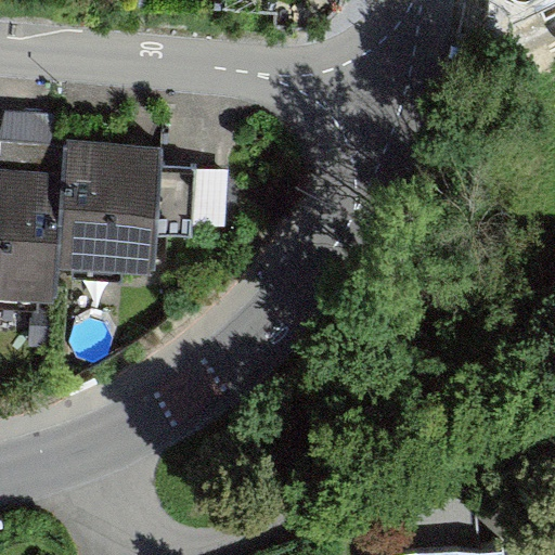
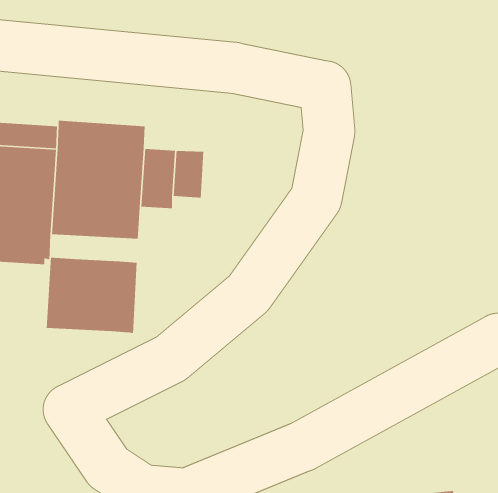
building: none -> [46,257,137,334]

